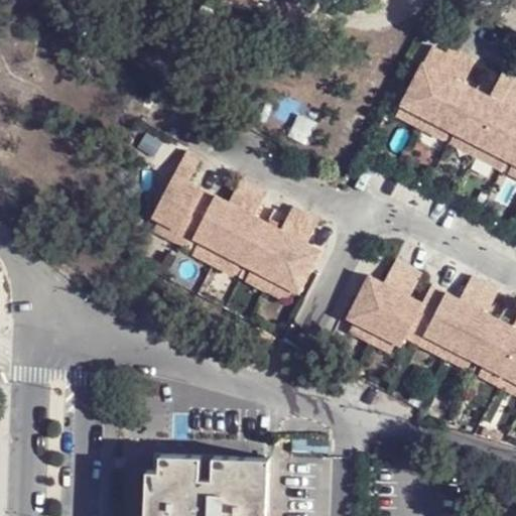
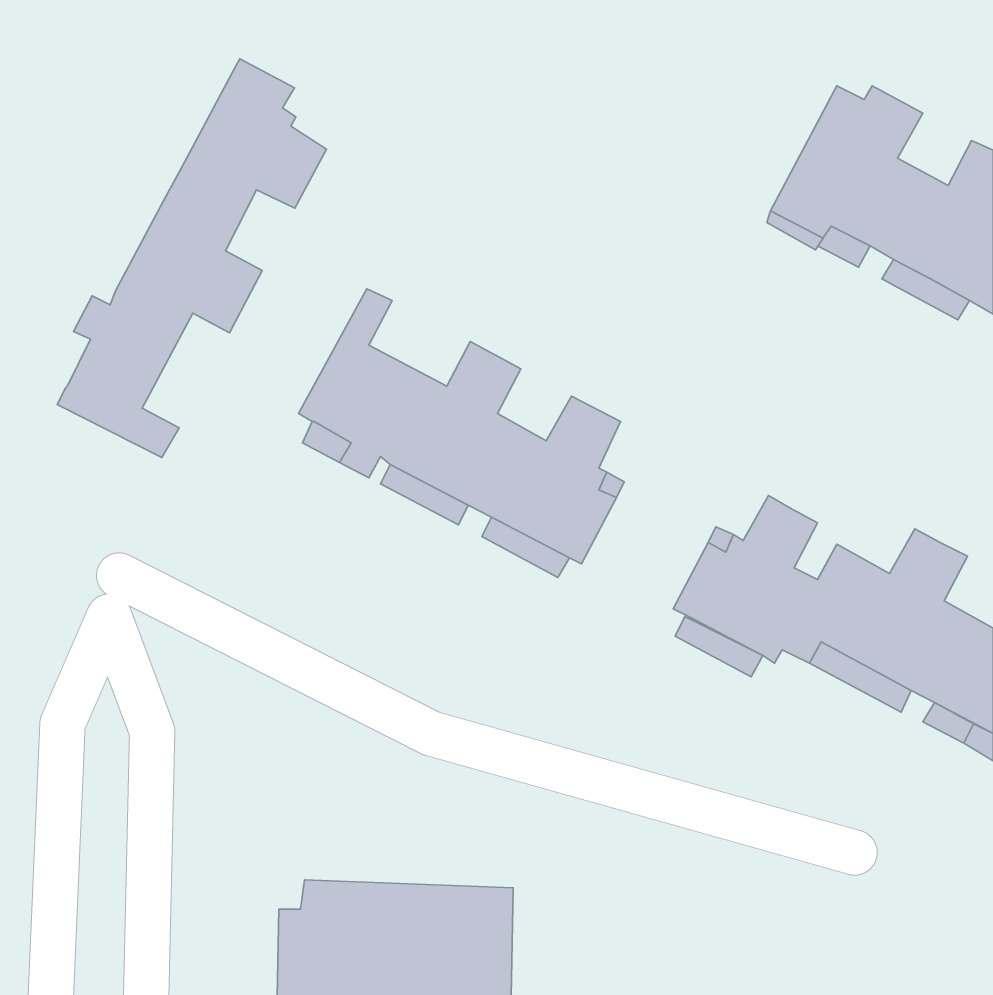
building: none -> [57,59,327,457]

